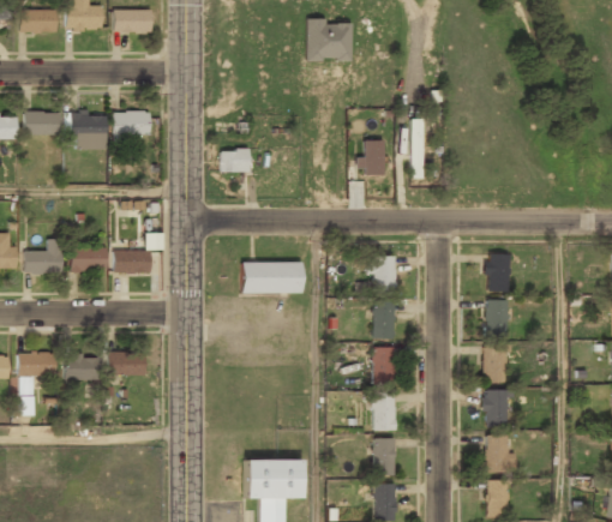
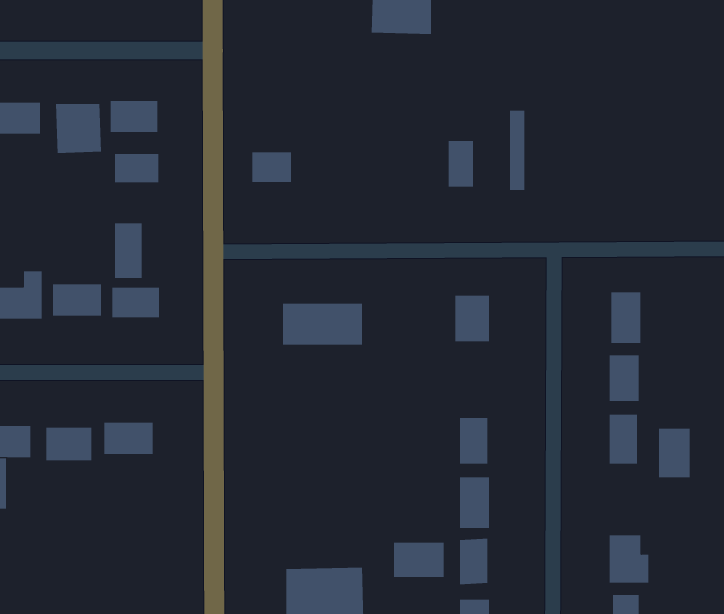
building: none -> [114,153,159,183]
building: none -> [115,223,142,279]
building: [372,301,395,337] -> none
building: [484,389,508,426] -> [658,428,690,478]
building: none -> [394,542,444,578]

